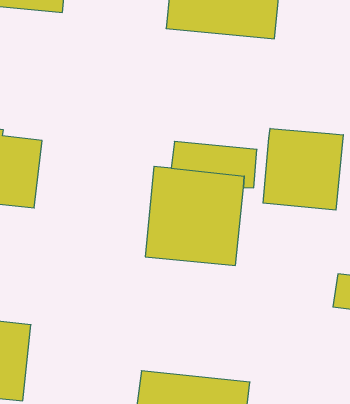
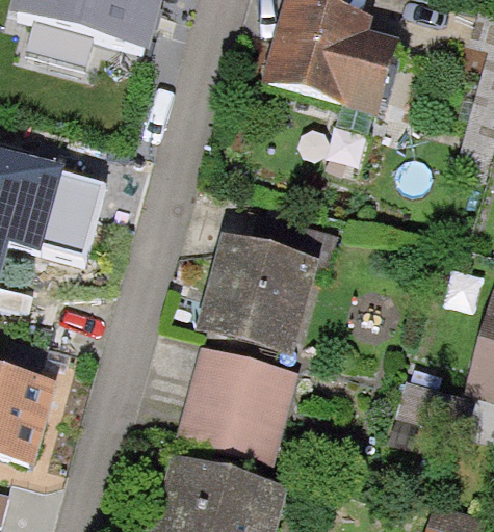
building: [263,128,343,210] -> none
building: none -> [175,346,300,469]

